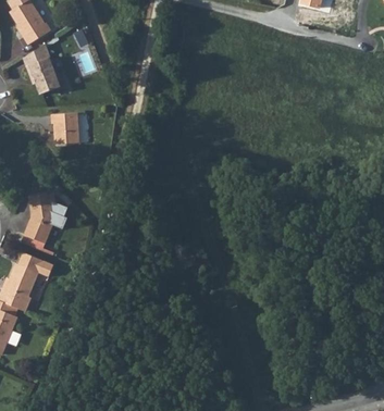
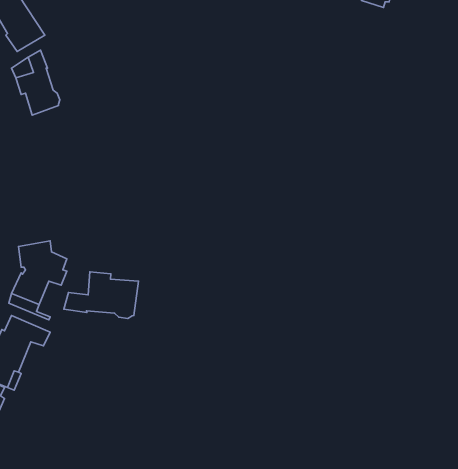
building: [51,113,78,145] -> none
building: none -> [64,272,138,319]

